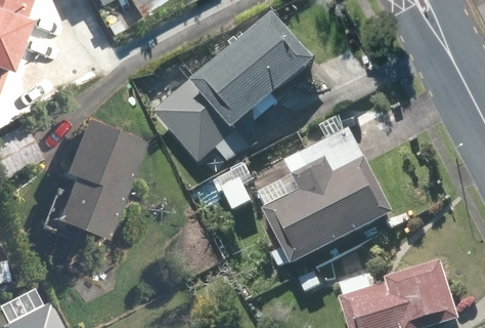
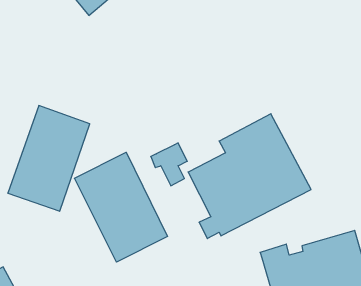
building: [155,13,316,166] -> none
building: none -> [74,152,168,262]

